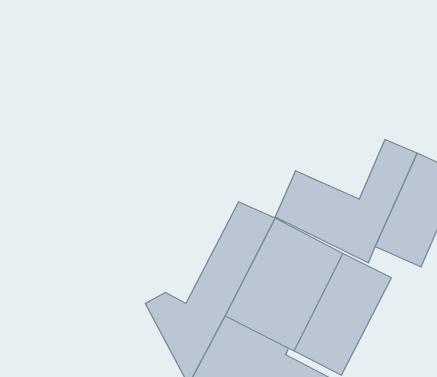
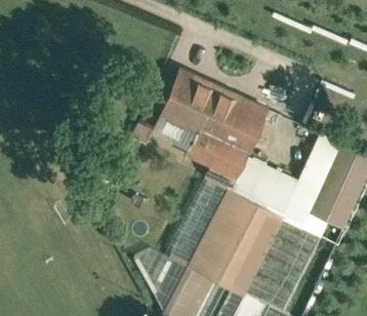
building: none -> [155,73,269,182]

